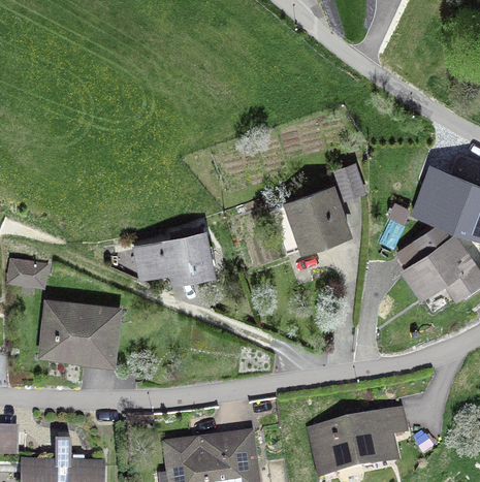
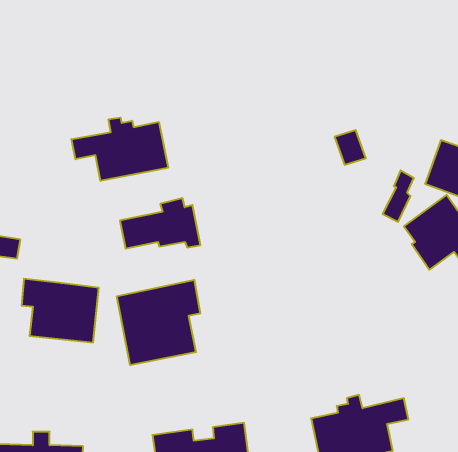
building: none -> [71,118,168,181]
building: [271,186,348,248] -> none
building: none -> [117,280,200,365]

